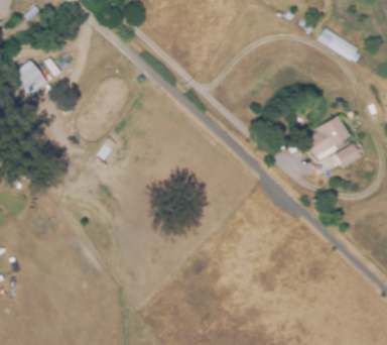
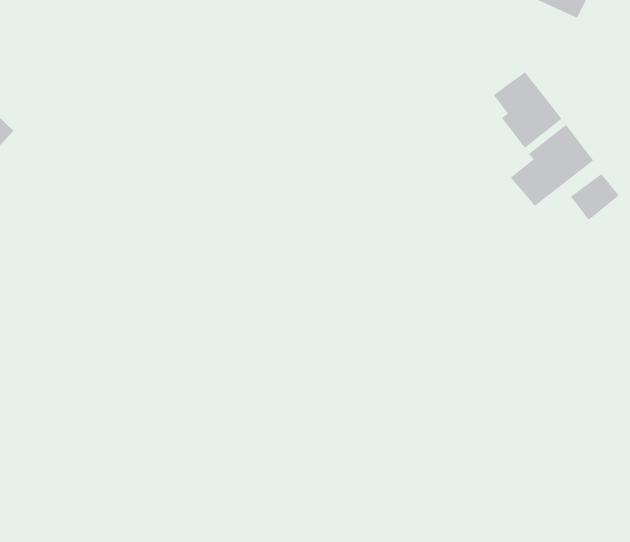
building: none -> [493,71,563,149]

